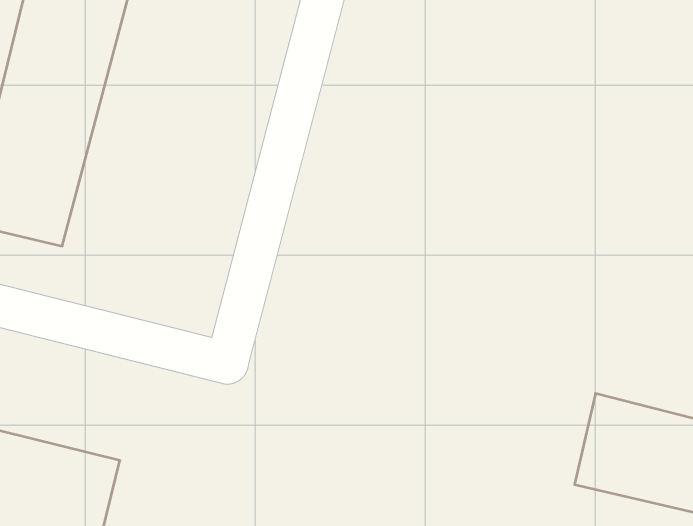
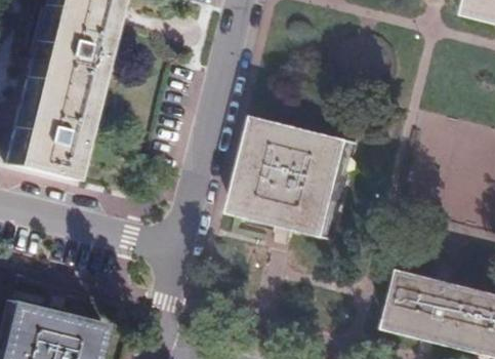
building: none -> [236,119,357,241]

